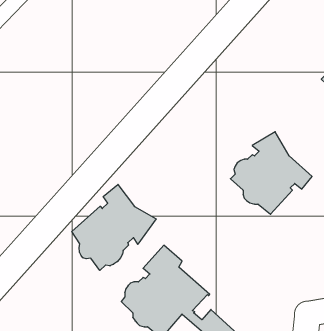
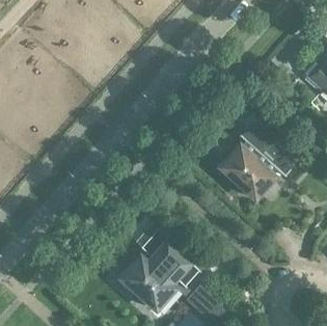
building: [72,184,156,270] -> none

